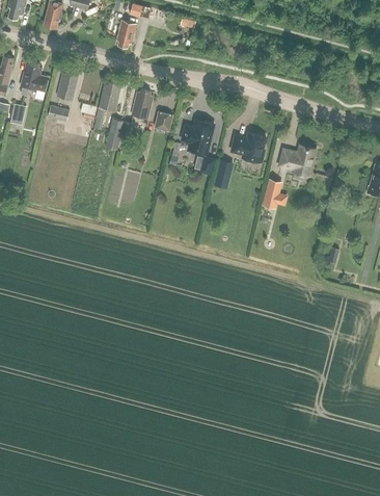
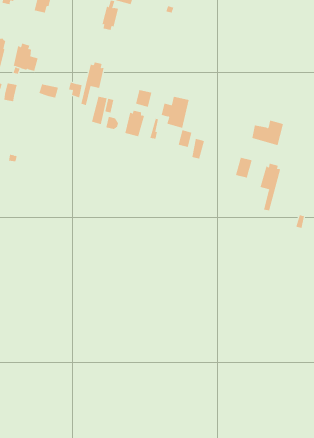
building: [57,70,78,100] -> none
building: [132,89,154,119] -> [125,110,145,137]
building: [230,132,265,162] -> none
building: none -> [260,163,281,211]

